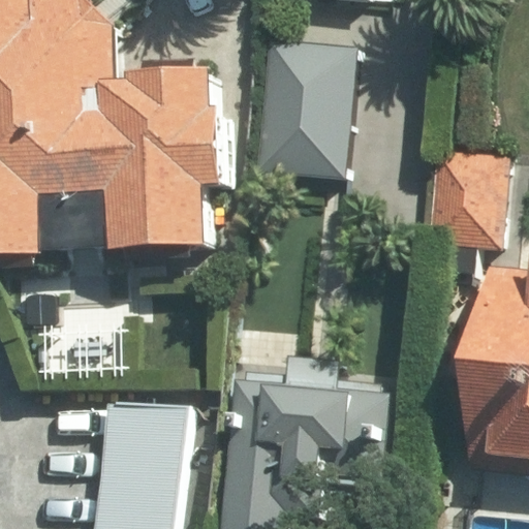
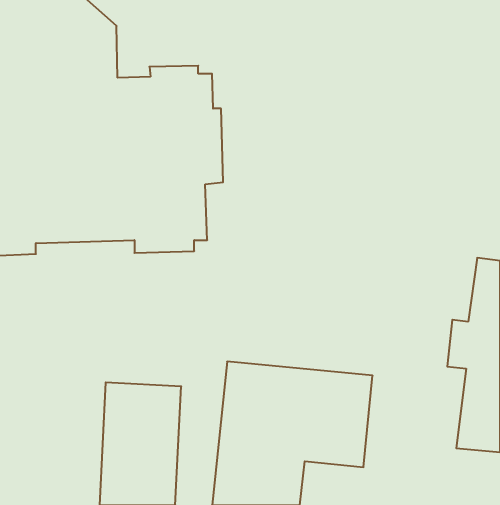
building: [251,37,353,180] -> none
building: [429,152,511,248] -> none

